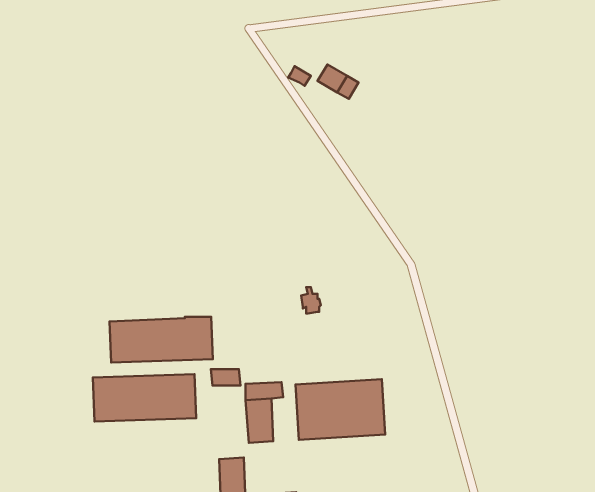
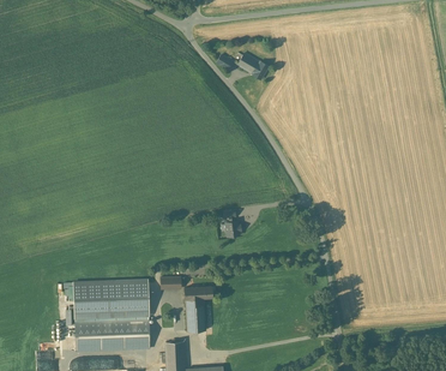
building: [110,317,213,363] -> [74,318,150,352]
building: [296,379,385,440] -> none

